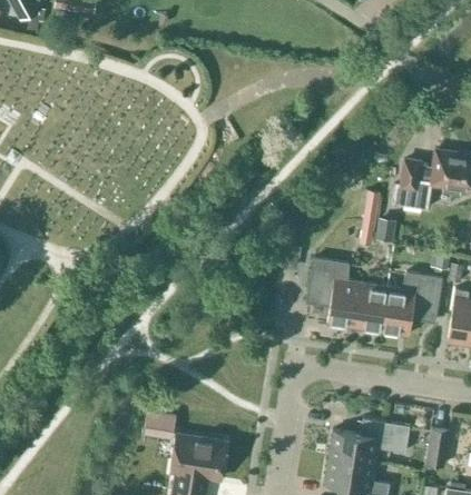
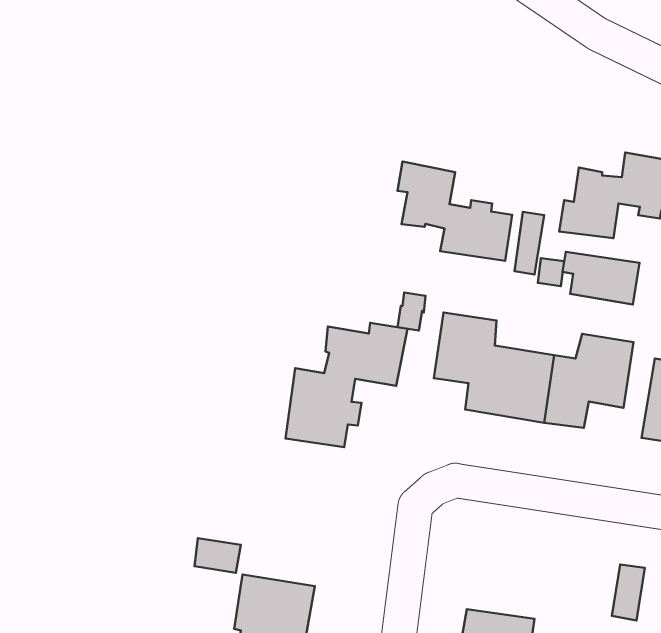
building: none -> [398,162,512,261]
building: none -> [563,252,639,305]
building: none -> [285,323,407,447]
building: [328,419,410,465] -> none

